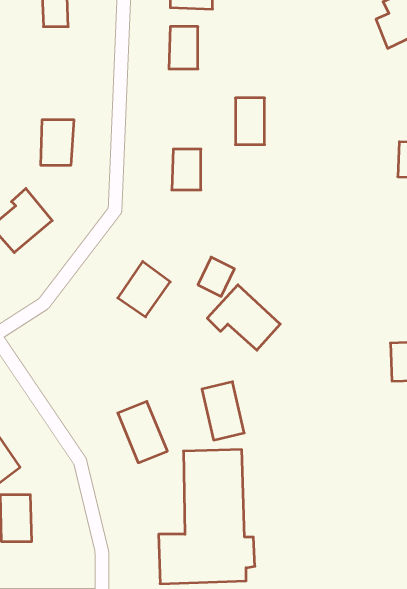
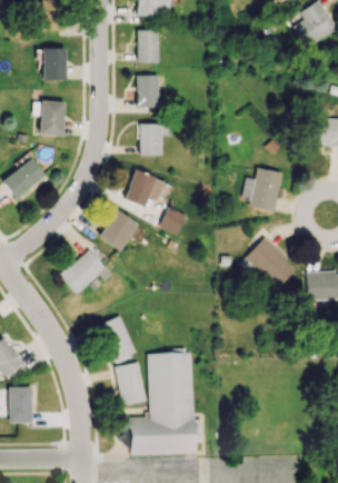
building: none -> [43,48,67,80]
building: [235,98,265,145] -> [138,76,160,111]
building: none -> [242,168,281,211]
building: none -> [127,171,165,206]
building: [207,285,280,350] -> [241,238,297,288]
building: none -> [60,249,107,294]
building: [202,382,244,440] -> [116,362,148,406]

